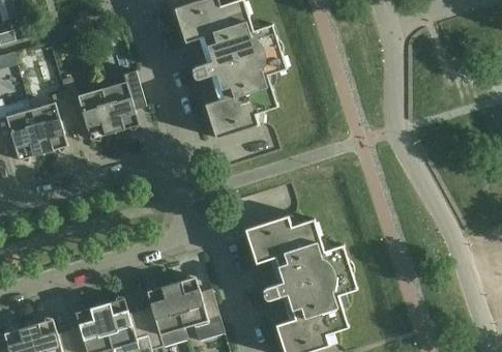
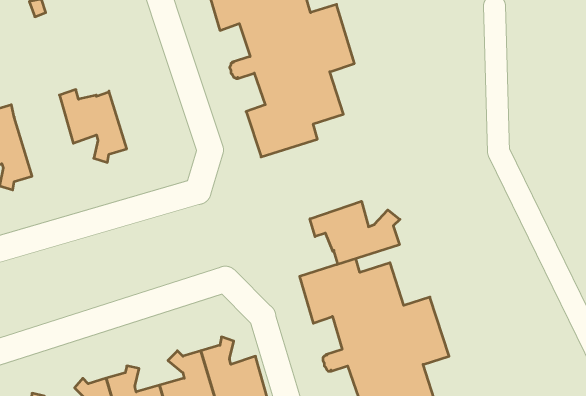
building: [99,71,144,133] -> none
building: [28,92,72,153] -> none
building: none -> [310,201,400,265]

